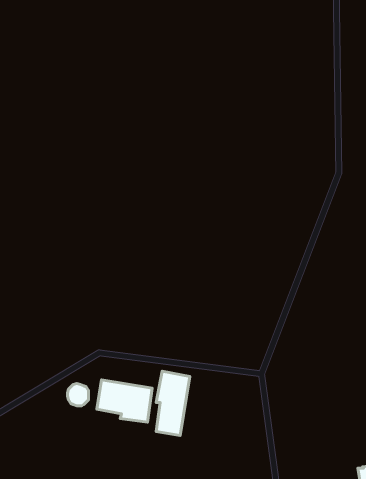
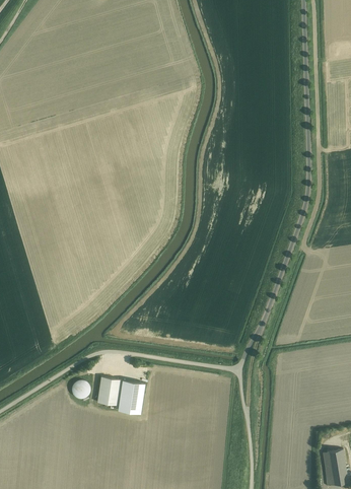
building: [156,371,190,436] -> none

